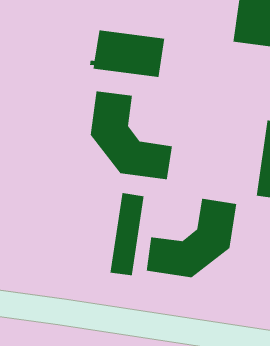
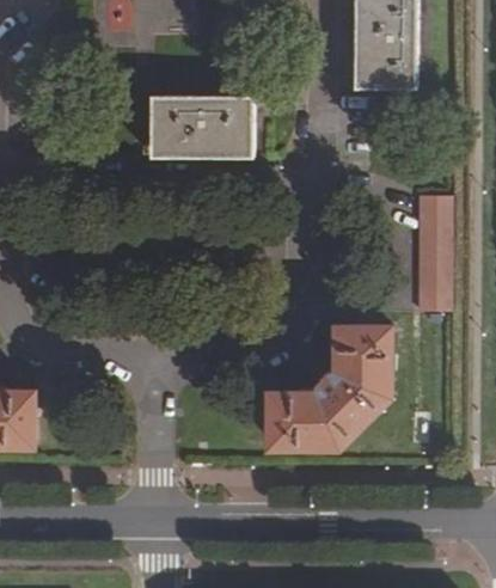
building: [90,90,173,180] -> none
building: [110,192,145,276] -> none

